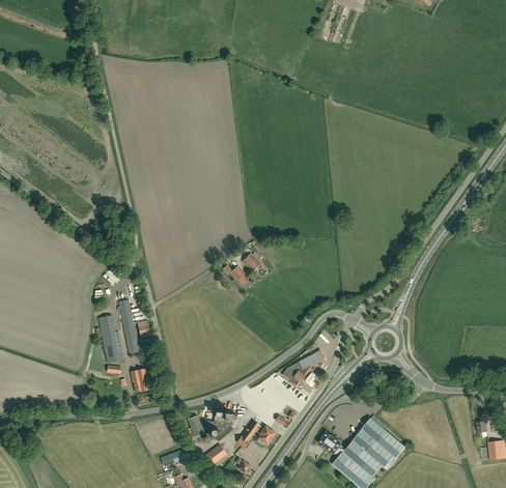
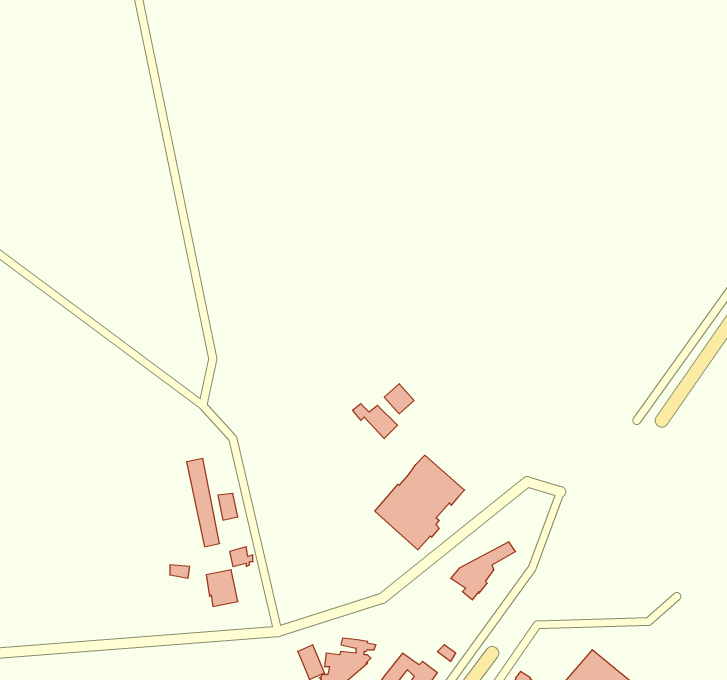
building: none -> [375,455,465,550]
building: [99,315,123,363] -> none

